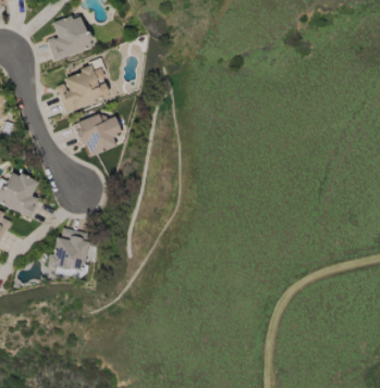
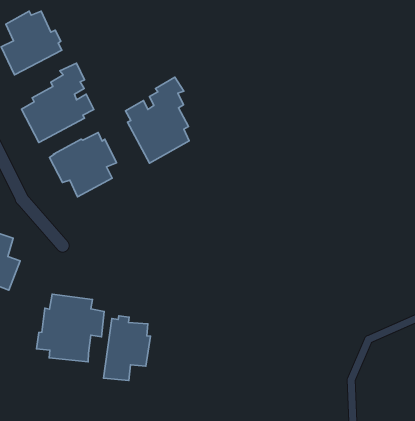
building: none -> [125,77,189,163]
building: none -> [103,316,151,381]

